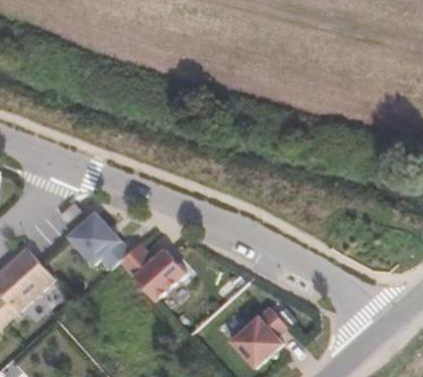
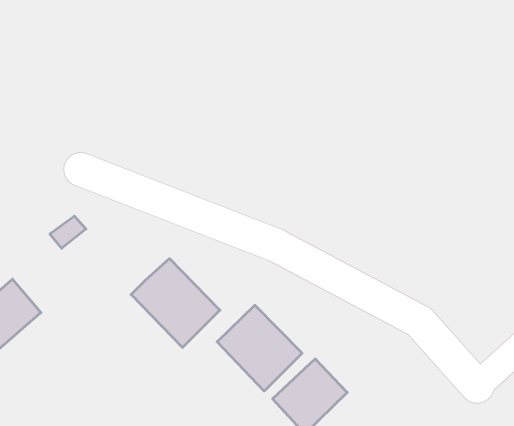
building: [68,213,129,273] -> none
building: none -> [217,305,302,391]

